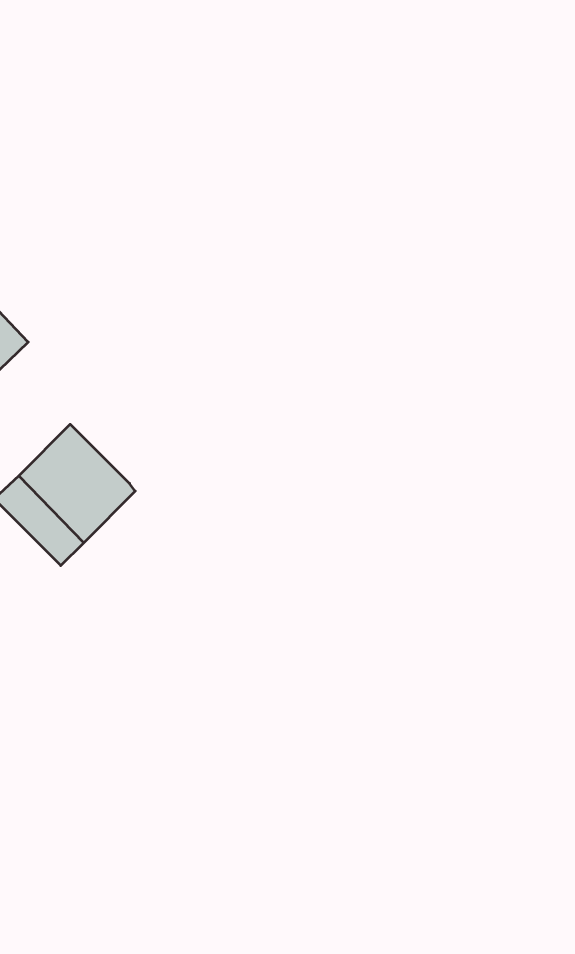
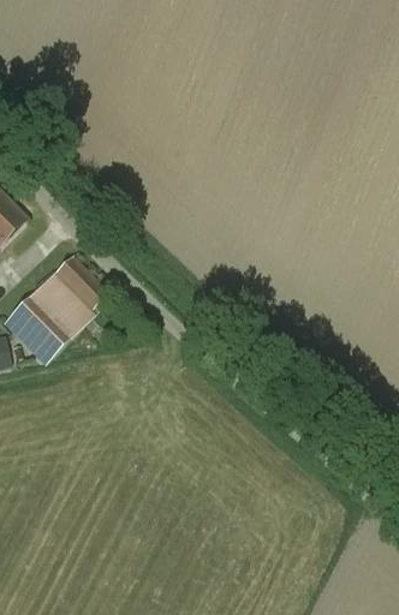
building: none -> [53,255,107,309]

